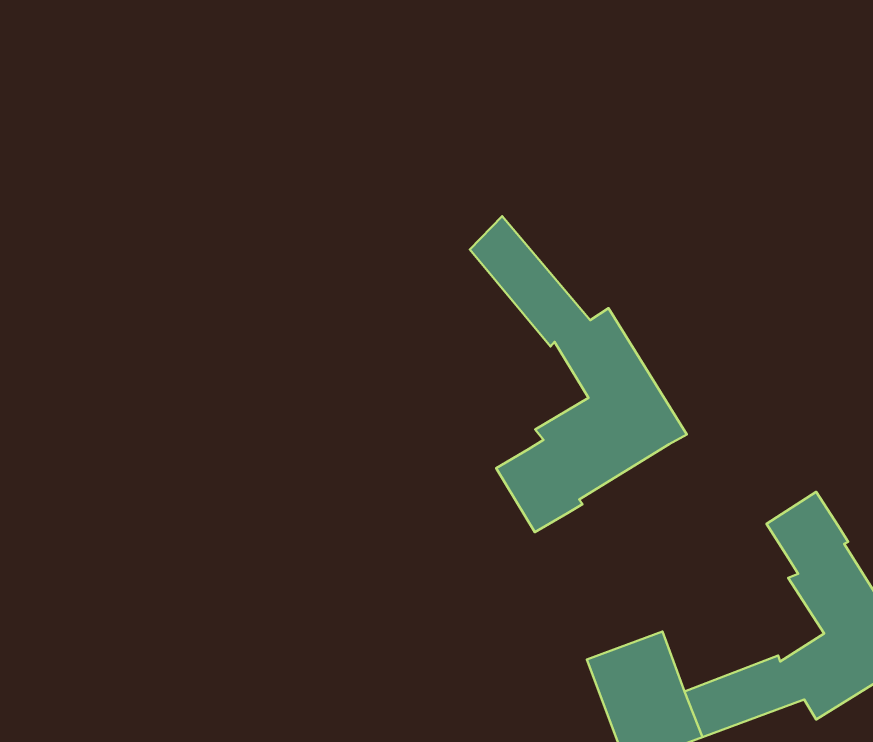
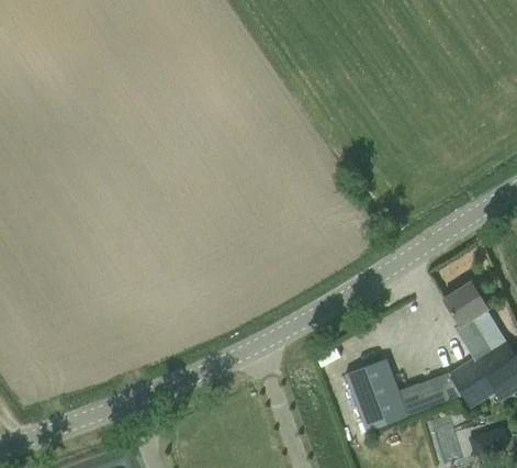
building: [470,216,687,532] -> none

